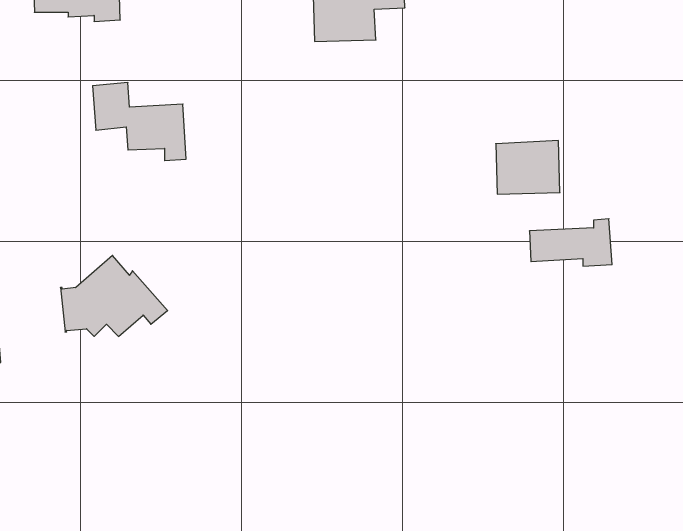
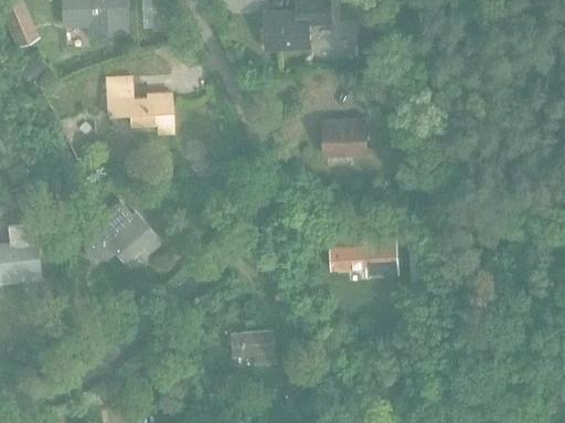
building: [496,141,560,194] -> [322,118,369,157]
building: [529,219,612,266] -> [330,240,390,274]
building: none -> [230,332,274,366]

